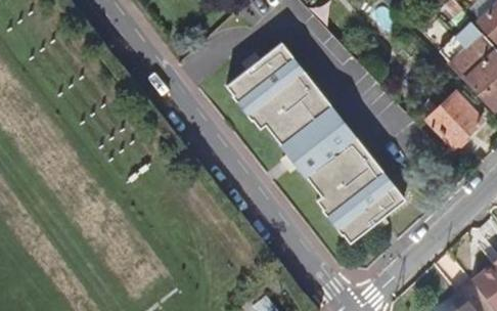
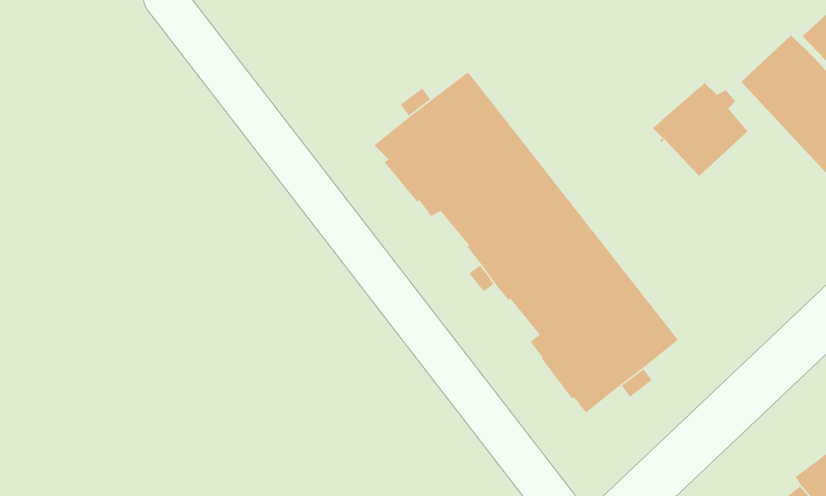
building: [425,92,482,147] -> [652,82,748,177]

